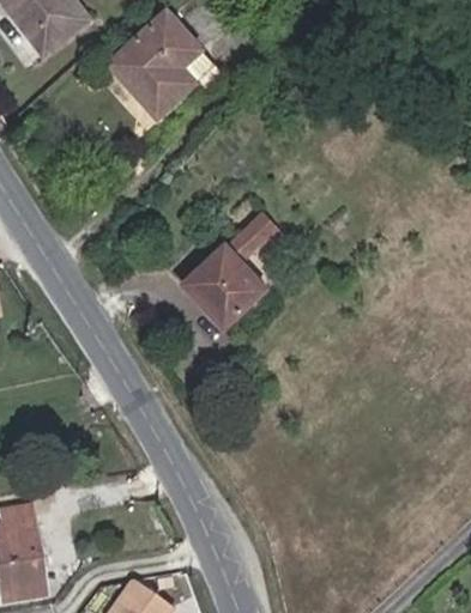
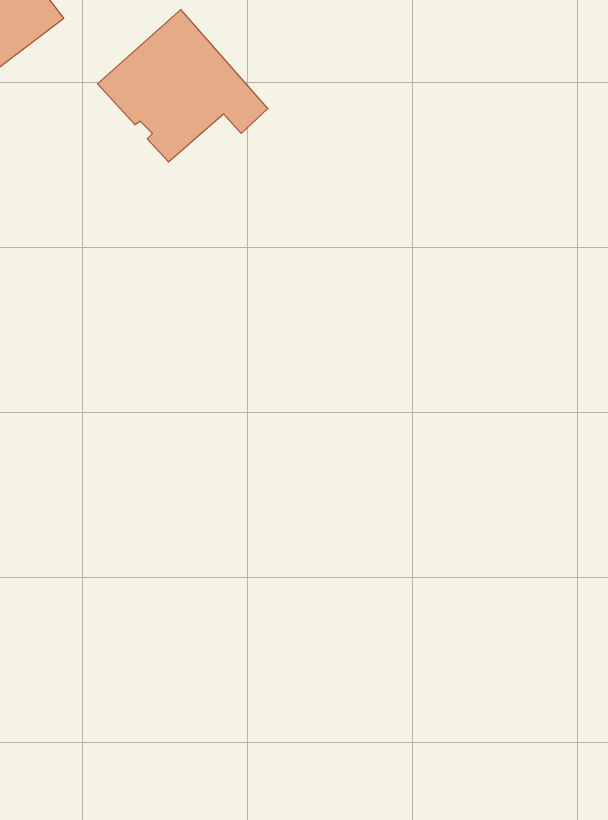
building: [188,216,280,328] -> none

